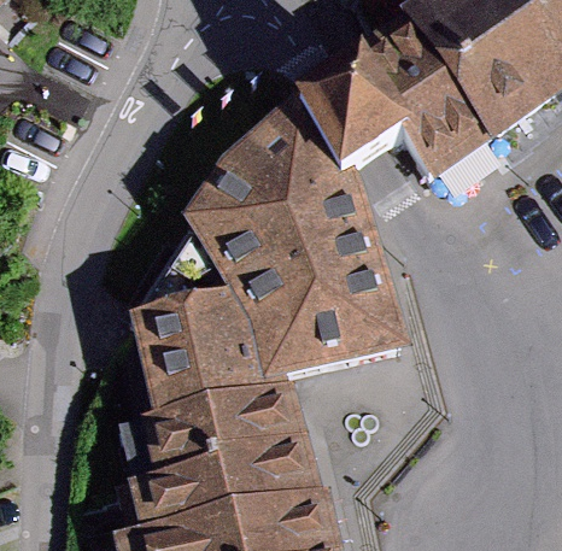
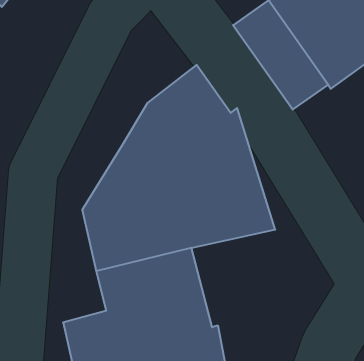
building: [295,66,408,181] -> none

